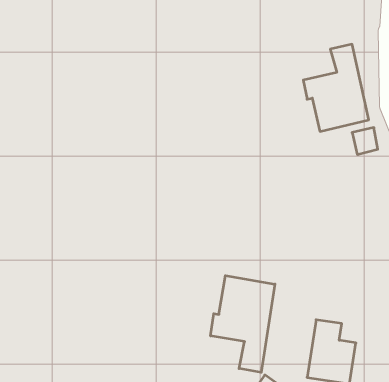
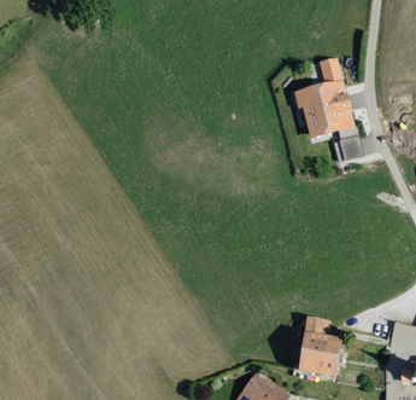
building: [211,276,275,372] -> none

